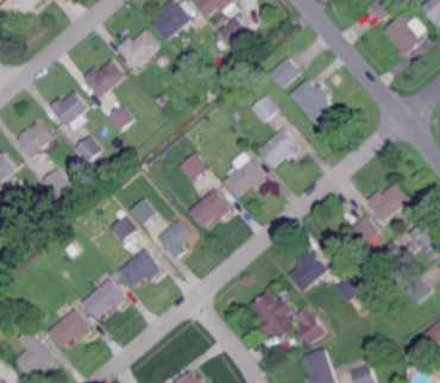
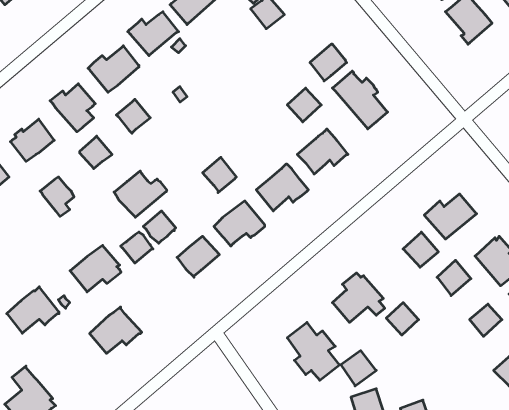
building: none -> [114,171,167,217]
building: [118,249,161,288] -> [70,245,121,292]
building: [48,308,92,347] -> [7,287,59,333]

